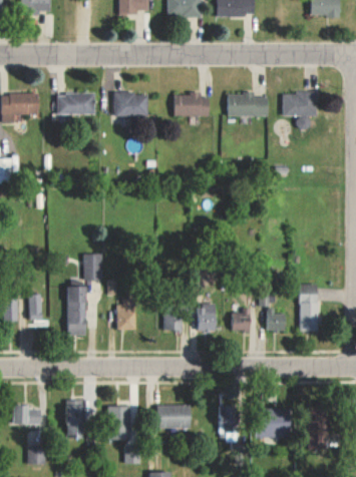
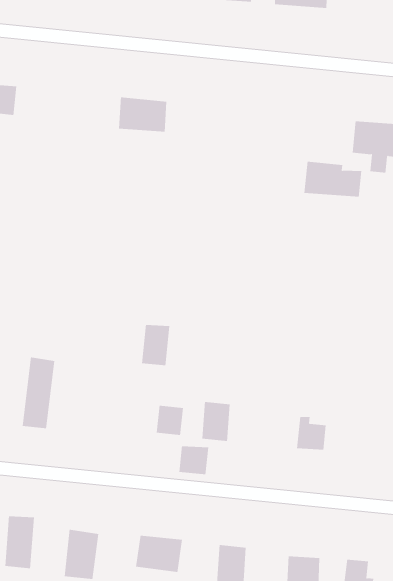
building: [56,92,94,115] -> none
building: [174,93,210,116] -> none
building: [228,93,268,116] -> [304,161,362,197]
building: [82,254,101,280] -> none
building: [298,285,319,332] -> none
building: [116,301,134,330] -> [141,325,170,366]
building: [230,311,250,331] -> [178,446,209,475]

